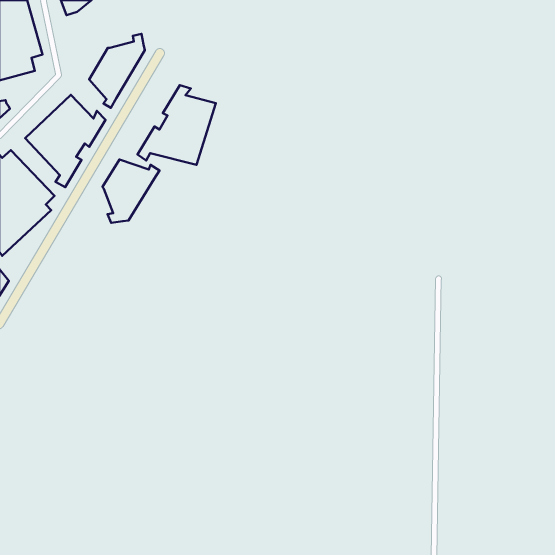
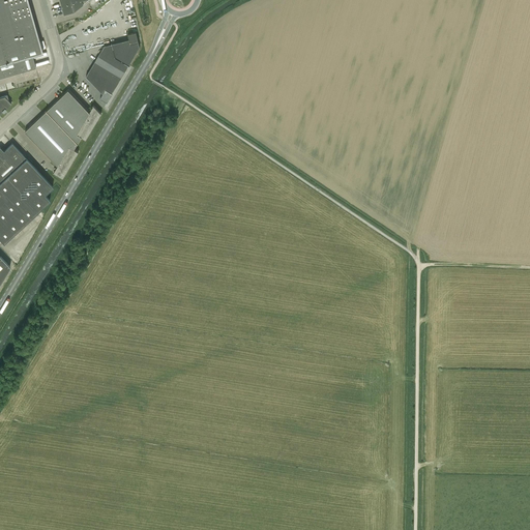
building: [137,85,216,165] -> none
building: [102,160,160,223] -> none

